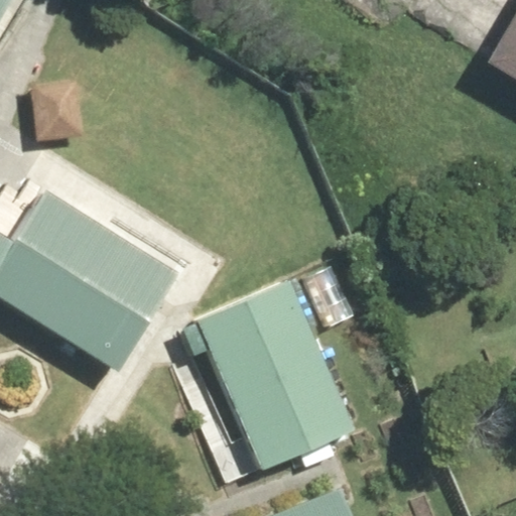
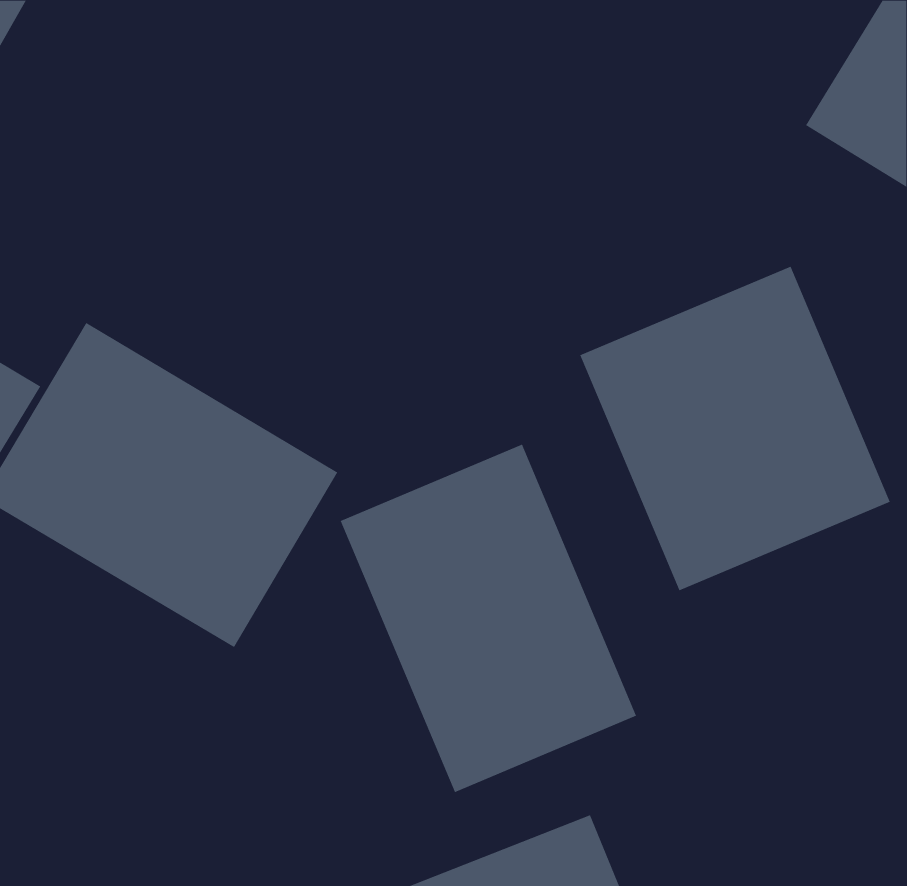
building: none -> [580,266,890,591]

